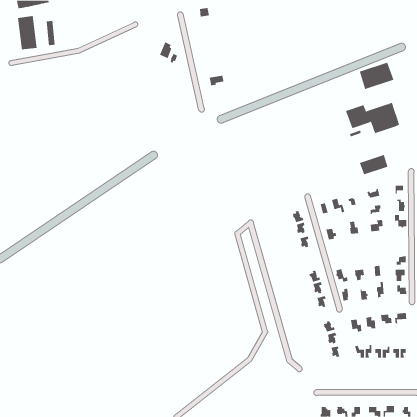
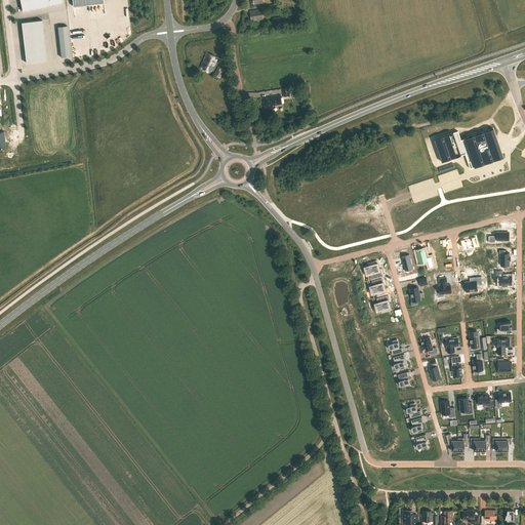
building: [359,62,394,90] -> none
building: [359,154,388,175] -> none

